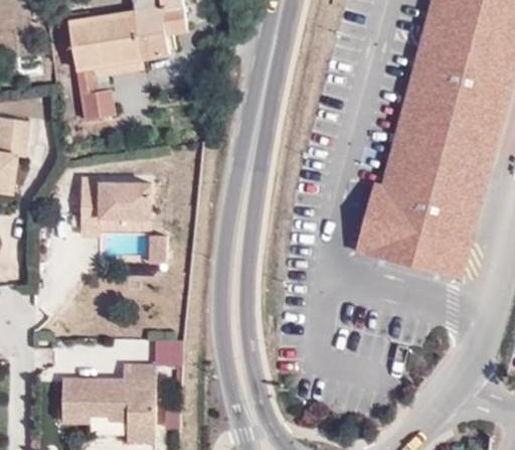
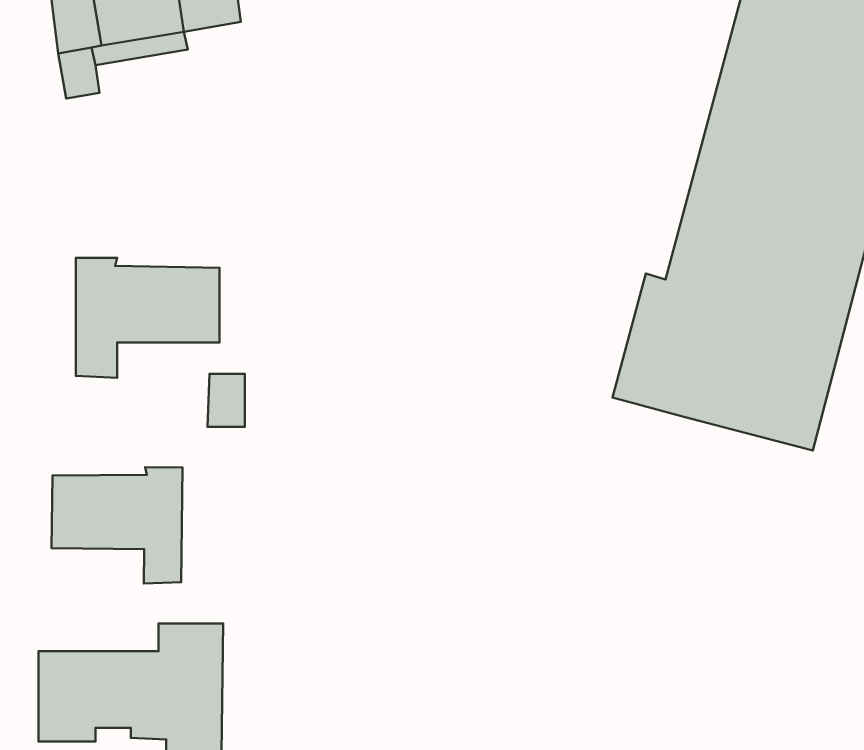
building: [76,90,113,121] -> none
building: none -> [52,467,183,584]

